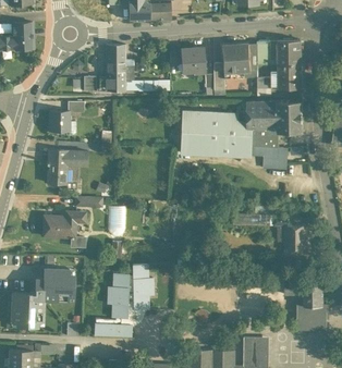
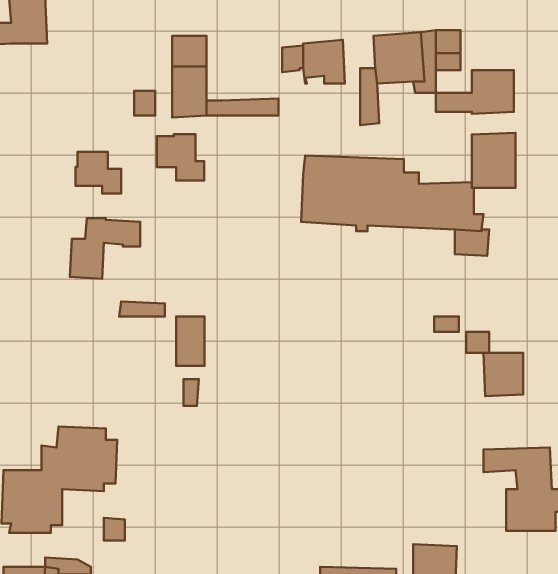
building: [278,40,302,64] -> none
building: none -> [157,134,204,181]
building: [247,101,278,130] -> none
building: [42,211,86,246] -> none
building: [94,265,152,336] -> none

